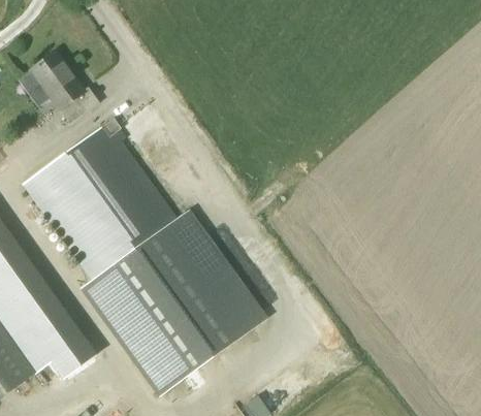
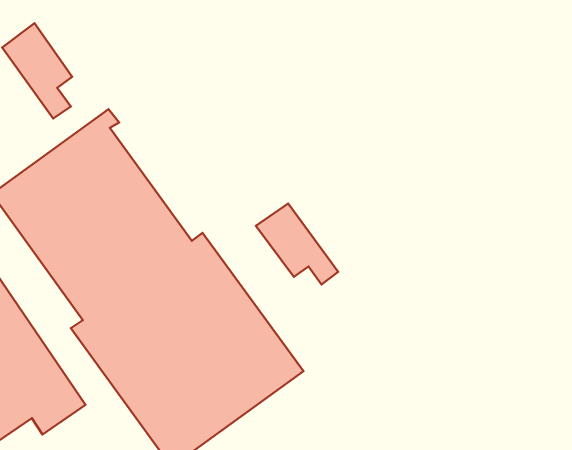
building: none -> [256,204,338,284]

